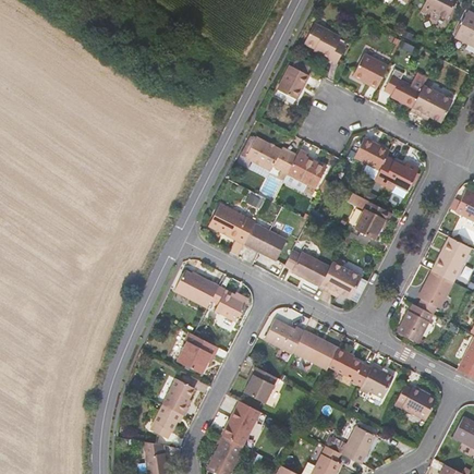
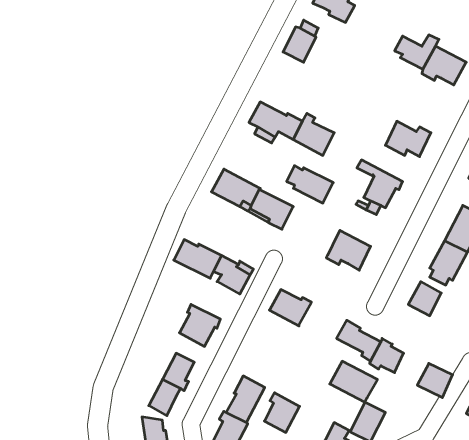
building: [351,52,388,88] -> none
building: [354,136,389,179] -> none
building: [284,248,329,284] -> [287,166,333,203]
building: [292,329,338,368] -> [330,361,377,402]
building: [243,364,277,402] -> [264,393,300,432]

